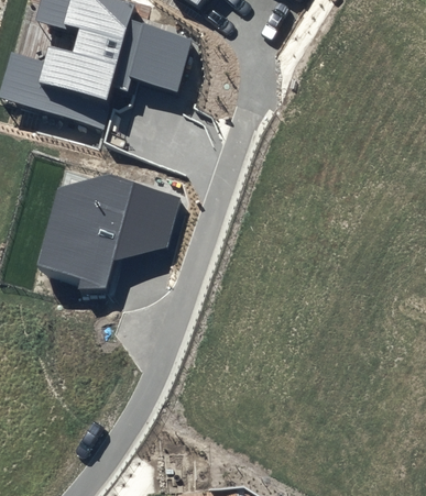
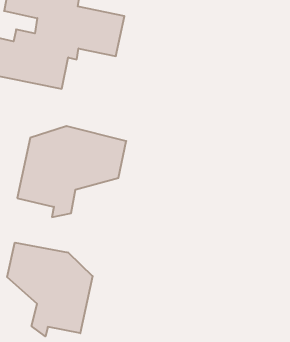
building: none -> [7,243,93,336]

